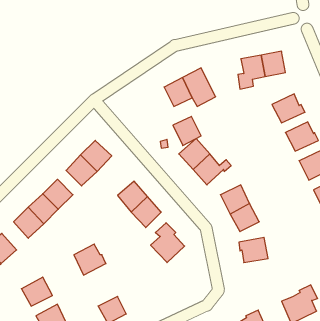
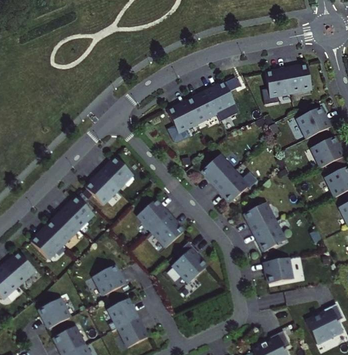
building: [173,116,201,146] -> [167,102,196,132]
building: none -> [108,299,138,330]

